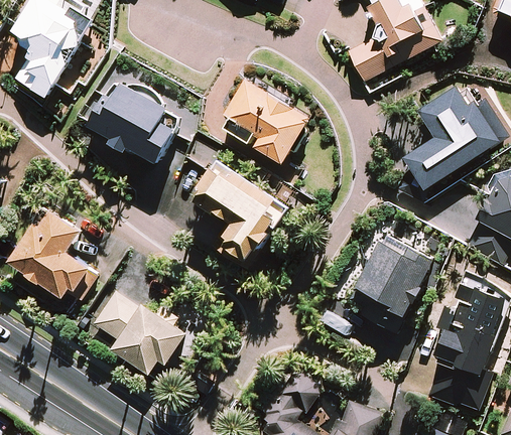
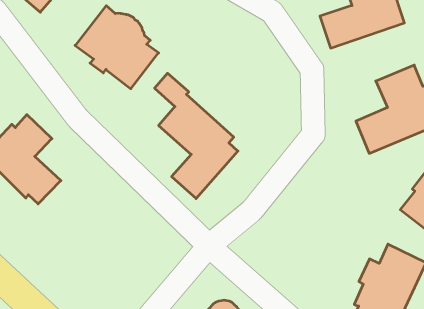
building: [219,81,308,163] -> none
building: [336,236,432,339] -> none
building: [91,292,188,378] -> none

